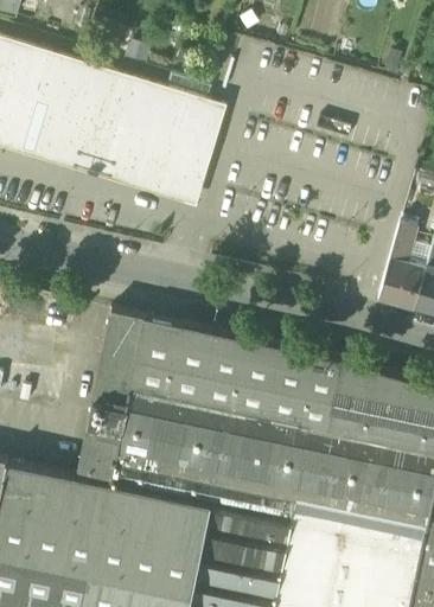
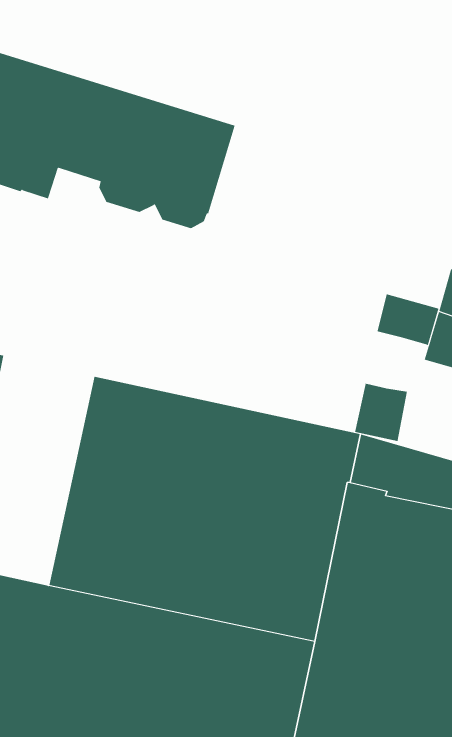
building: [52,141,204,204] -> none
building: none -> [377,293,439,346]
building: none -> [354,383,408,442]

